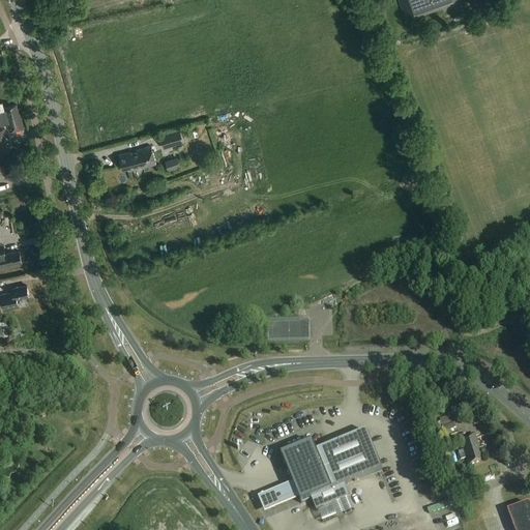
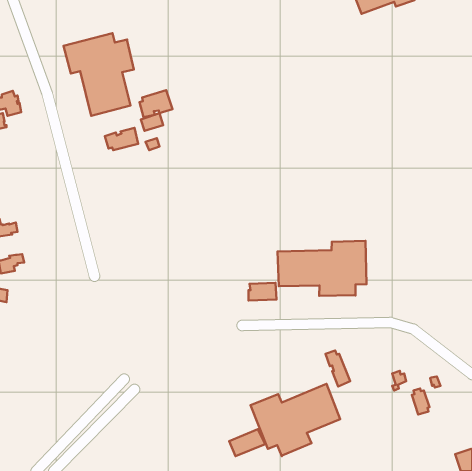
building: none -> [64,33,134,116]
building: none -> [139,90,173,117]
building: none -> [277,241,367,296]
building: none -> [326,351,350,386]

